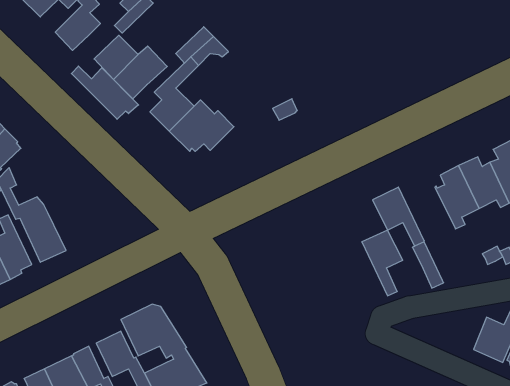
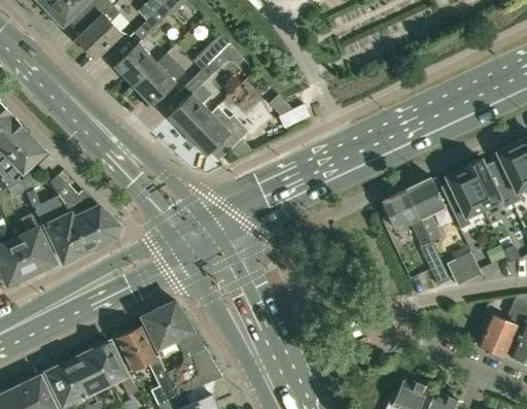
building: [71,66,139,119] -> none
building: none -> [49,175,117,249]
building: [362,230,403,296] -> [406,177,445,240]
building: none -> [447,251,482,285]

